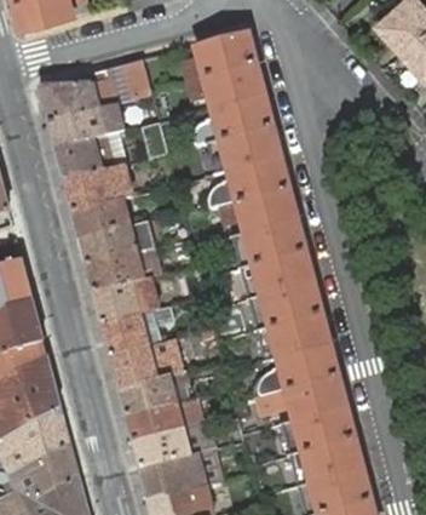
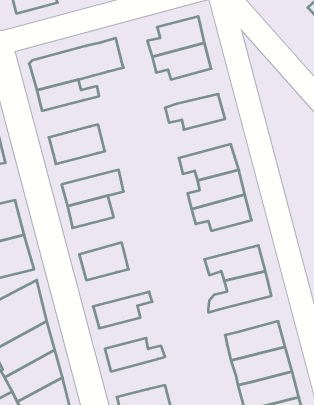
building: [194,96,271,147] -> none
building: [54,135,114,181] -> none
building: [211,158,287,210] -> none
building: [71,200,129,239] -> none
building: [92,277,155,325] -> none
building: [249,282,321,331] -> none
building: [109,347,183,389] -> none
building: [254,376,345,420] -> none
building: [125,396,202,441] -> none
building: [139,448,224,500] -> none

